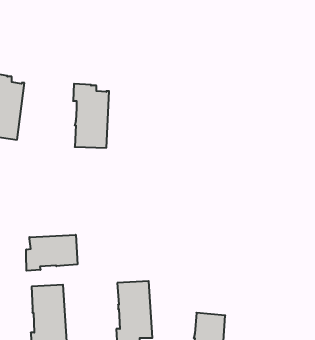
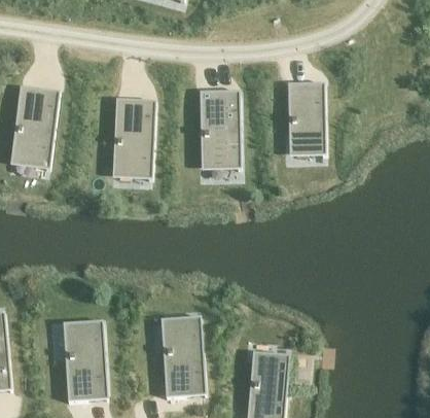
building: none -> [285,84,323,150]
building: none -> [196,93,239,164]
building: [26,235,77,271] -> none

